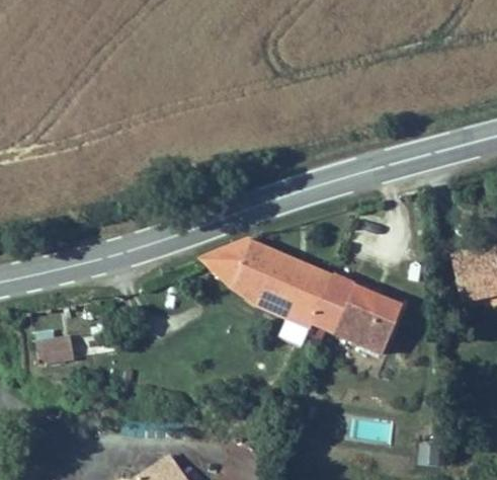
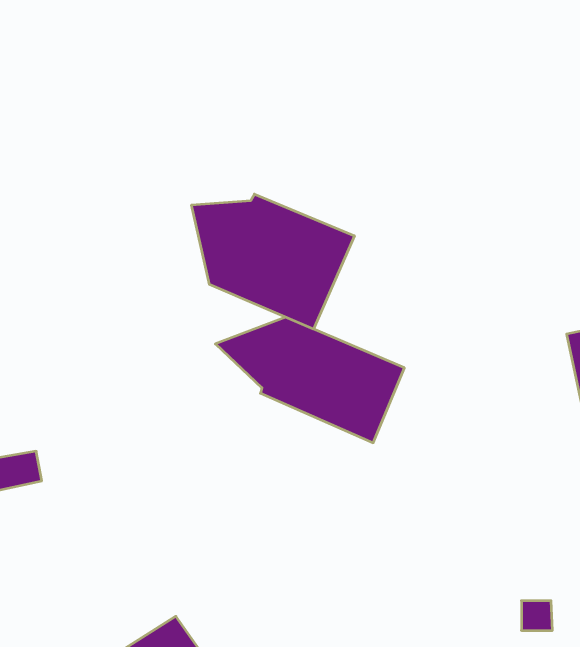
building: none -> [192,194,354,329]
building: [313,275,406,359] -> none

